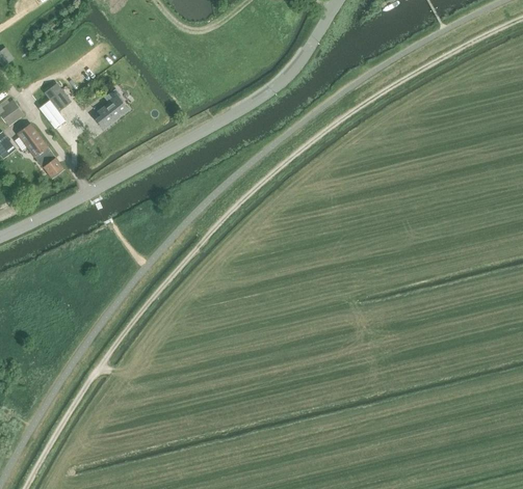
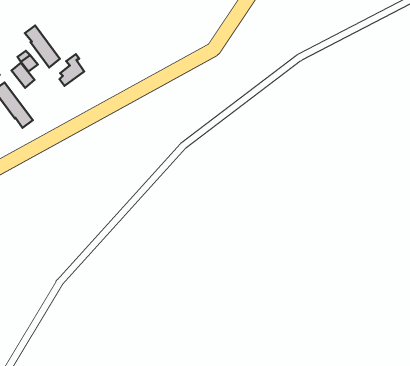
building: none -> [25,26,60,67]

